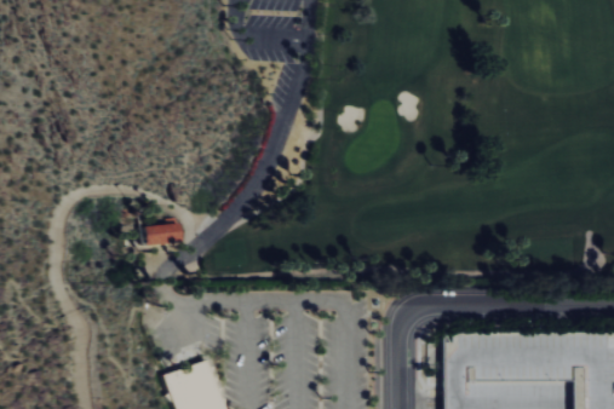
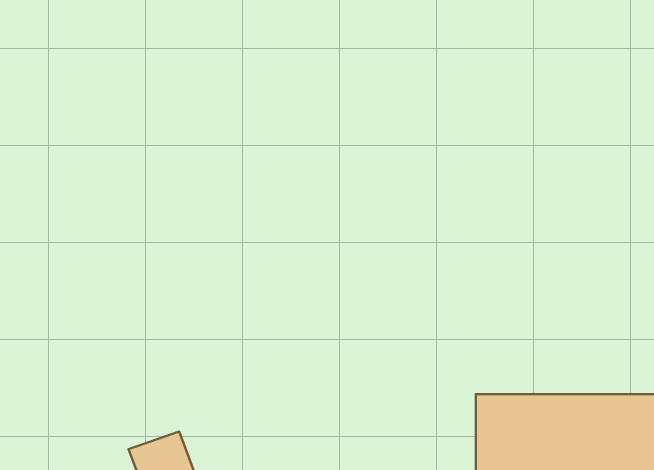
building: [147,221,184,246] -> none

